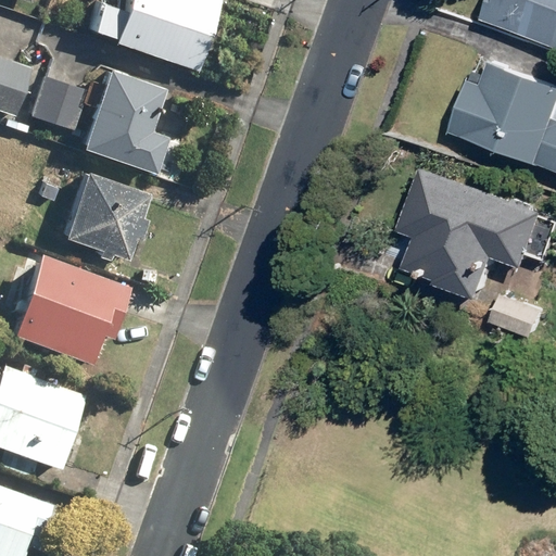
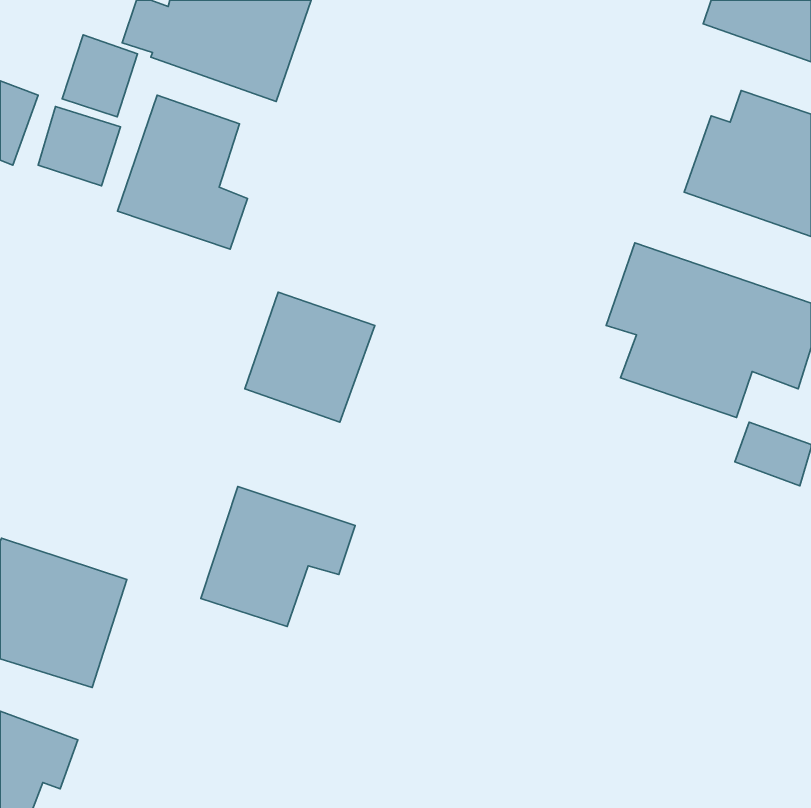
building: none -> [62,35,138,117]
building: [63,167,152,256] -> [245,292,375,422]
building: [11,260,134,370] -> none
building: none -> [201,486,355,626]

